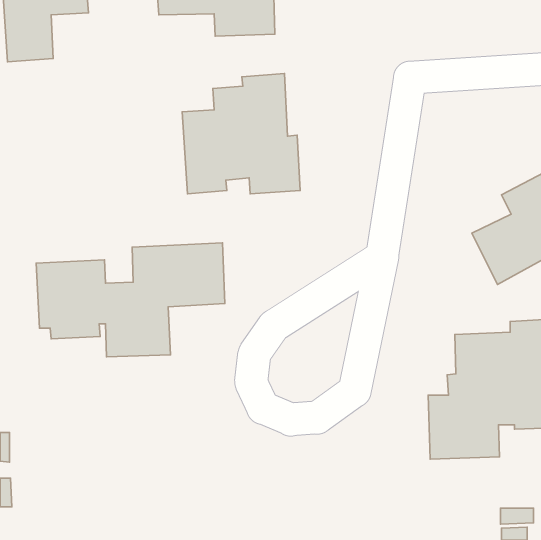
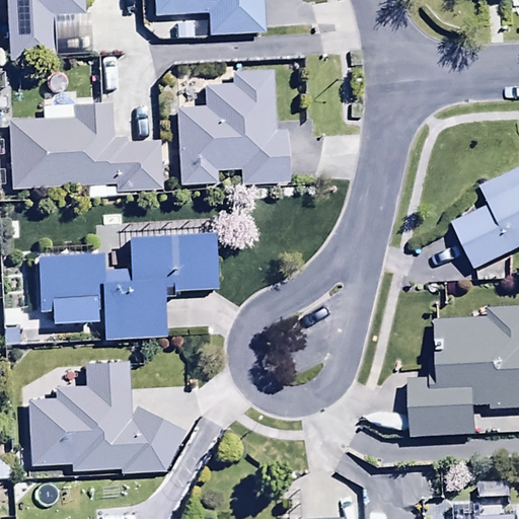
building: none -> [11,90,163,195]
building: none -> [28,361,187,474]

